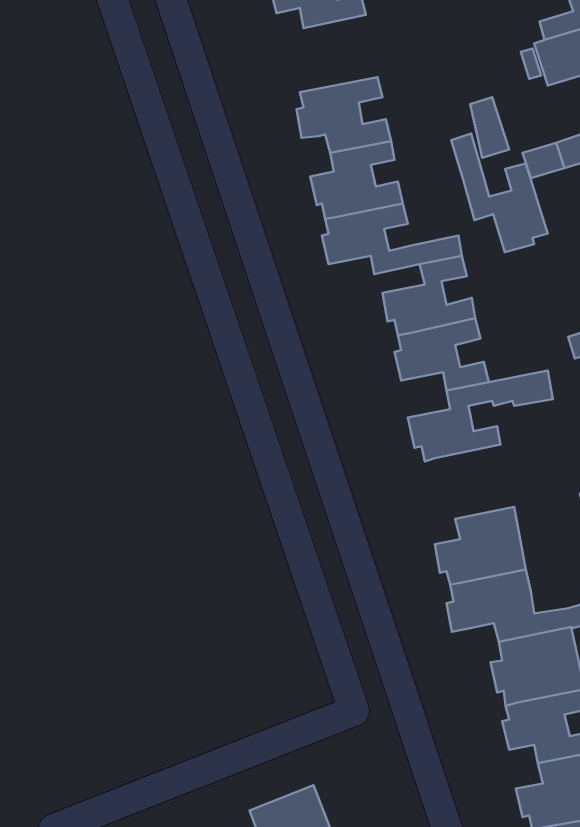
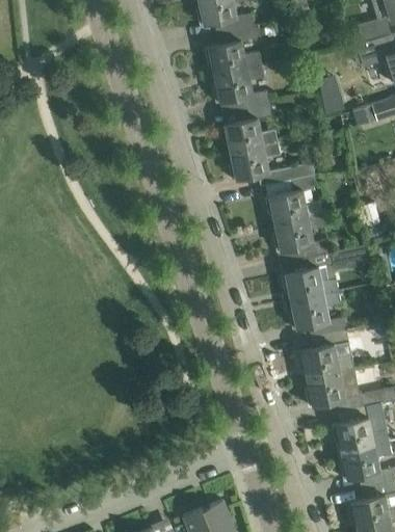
building: none -> [204,26,262,74]
building: [451,133,548,252] -> none
building: none -> [288,291,346,337]

